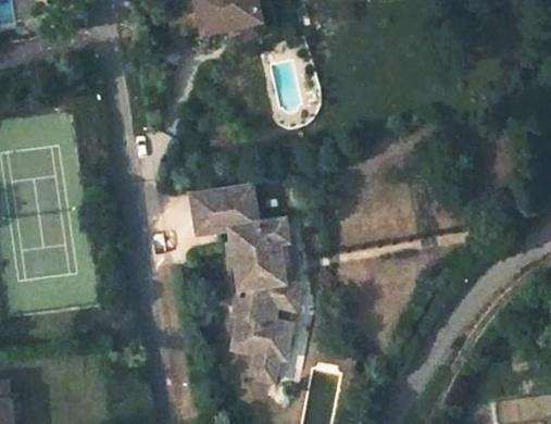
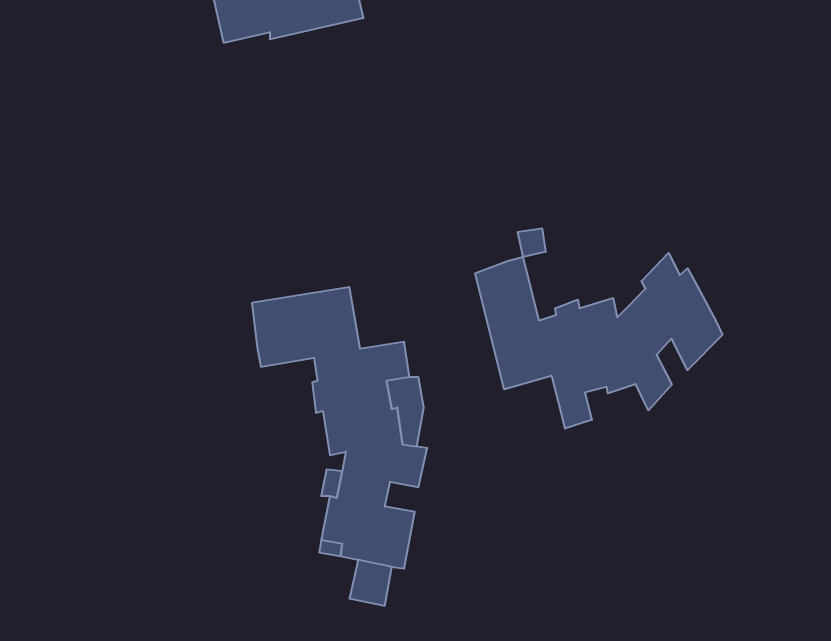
building: none -> [475,253,723,429]

